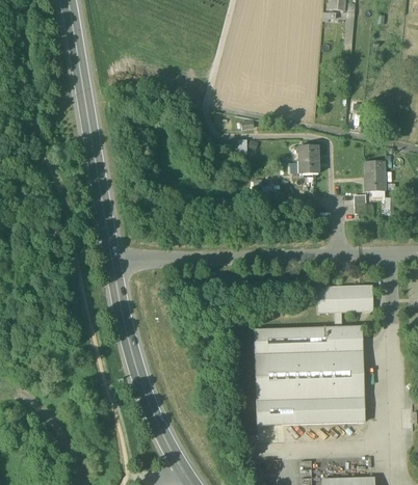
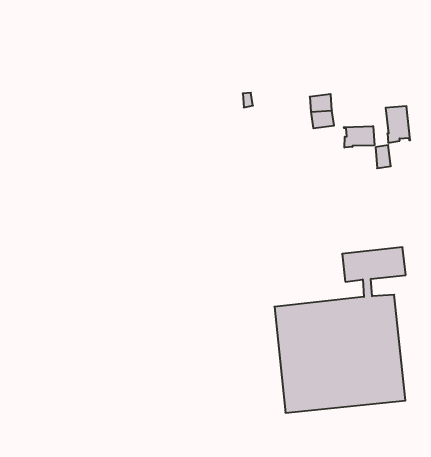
building: none -> [344,126,374,148]

